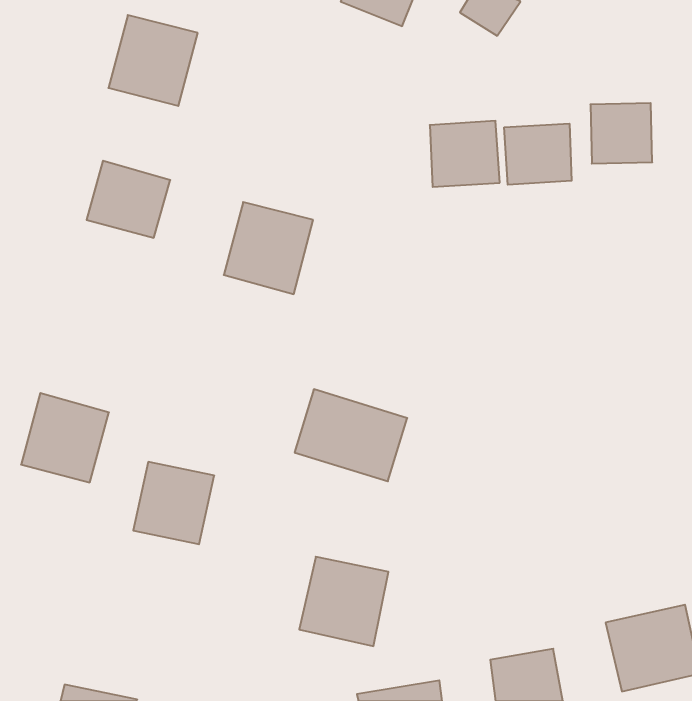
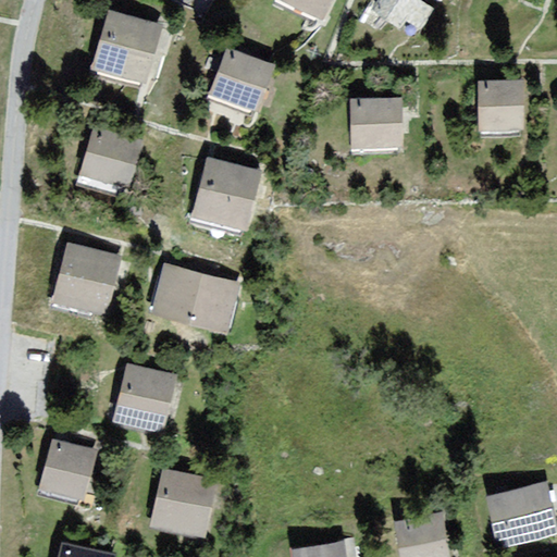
building: none -> [206,50,273,113]
building: [504,124,572,185] -> none
building: [295,389,407,481] -> [150,262,239,335]
building: [21,393,109,482] -> [53,244,123,314]
building: [299,557,388,646] -> [148,467,219,537]
building: none -> [42,443,103,498]

